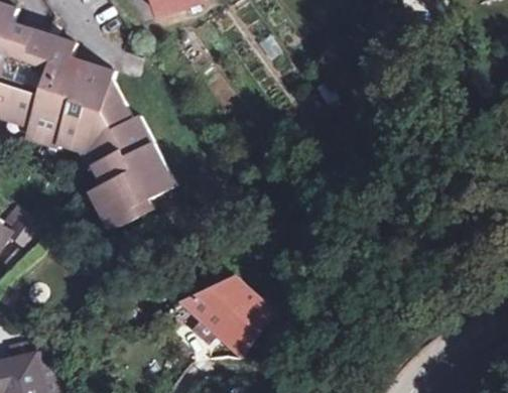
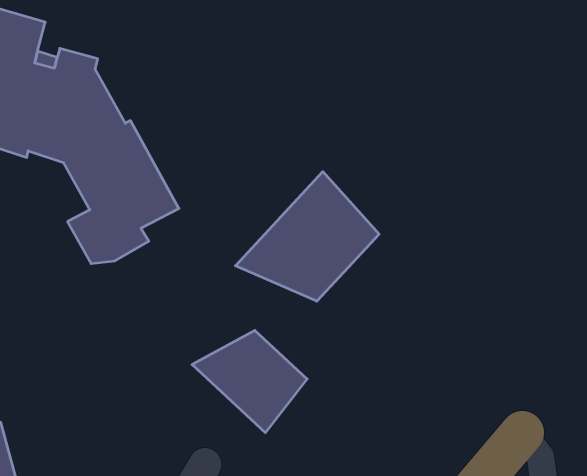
building: none -> [235,172,379,301]

